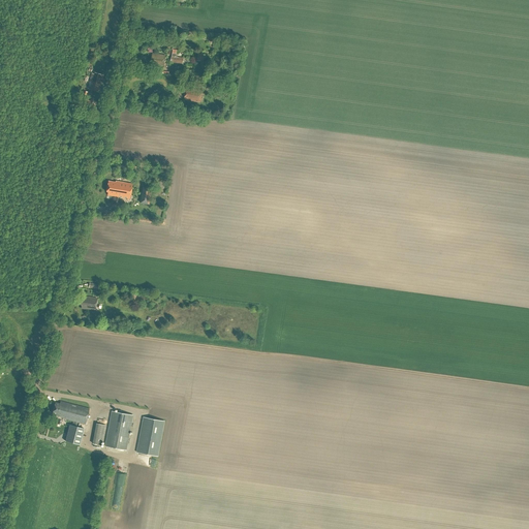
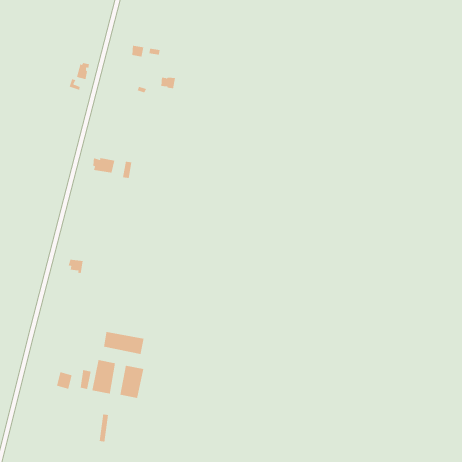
building: none -> [103,331,144,355]
building: [51,400,88,424] -> none

